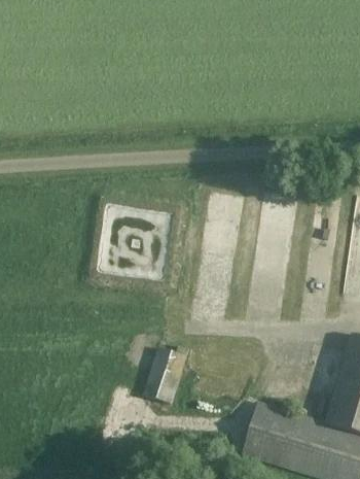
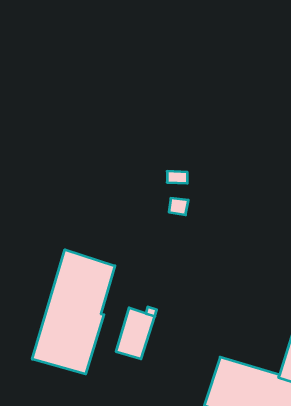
building: none -> [32,250,115,374]

